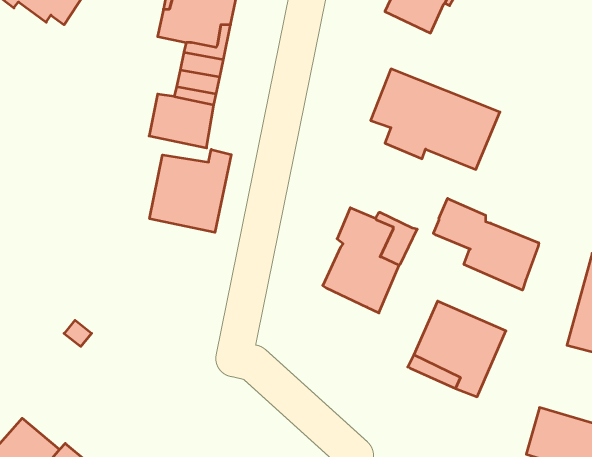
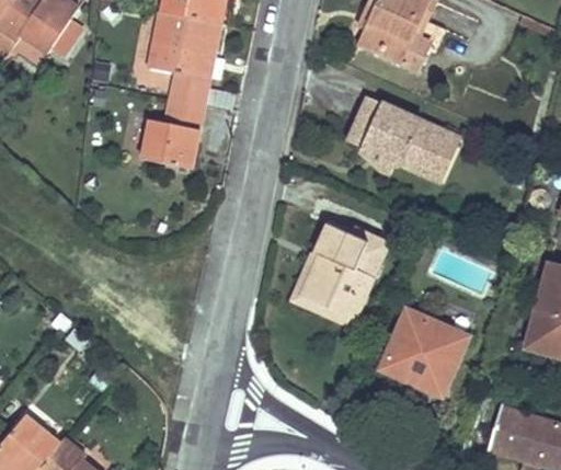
building: [150,149,231,232] -> none
building: [433,198,539,290] -> none
building: none -> [287,250,352,326]

